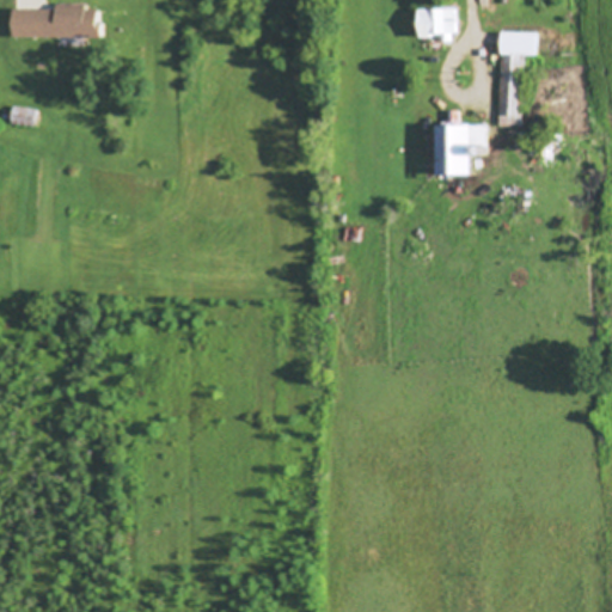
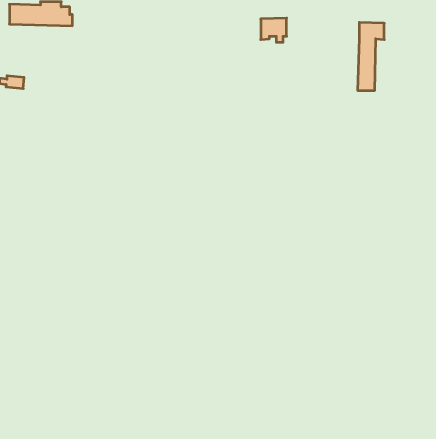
building: [417,7,453,41] -> [261,18,287,42]
building: [435,112,484,175] -> none

